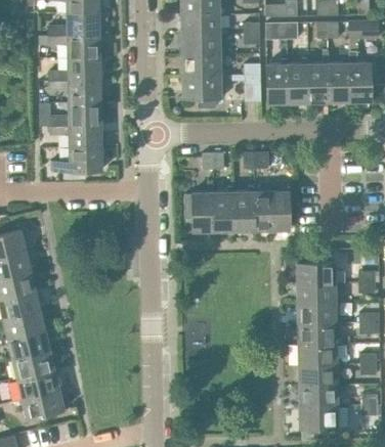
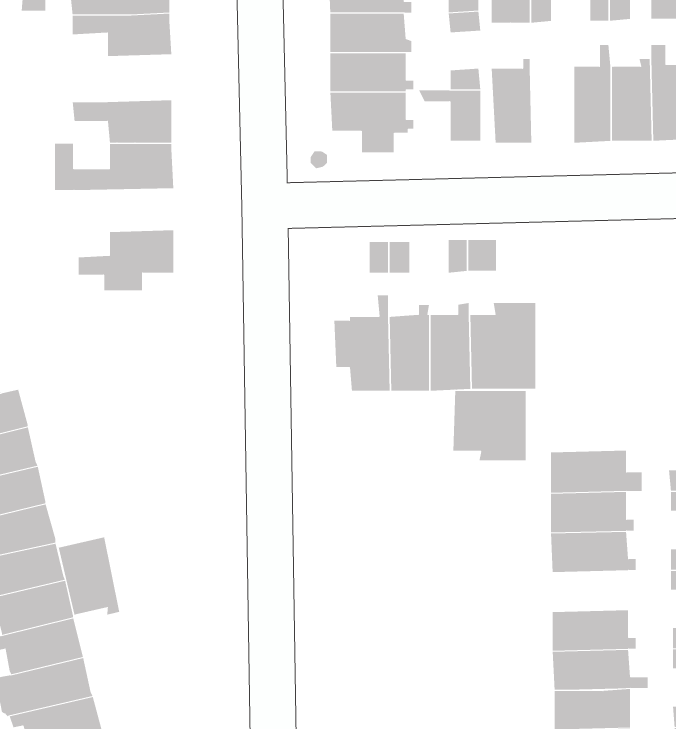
building: [48,56,100,81] -> none
building: [287,58,309,102] -> none
building: [49,126,101,148] -> none
building: none -> [453,390,526,461]
building: none -> [58,536,120,615]
building: [298,324,342,346] -> none

